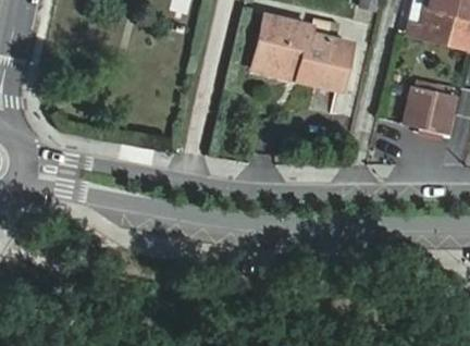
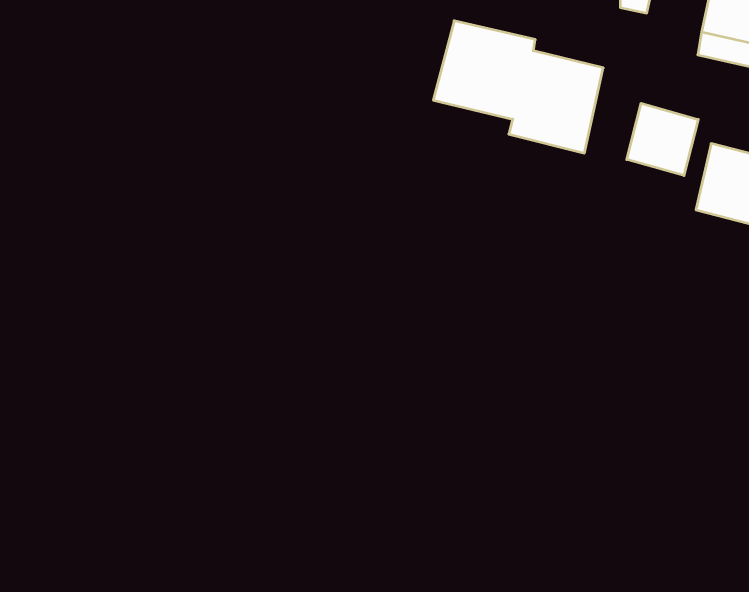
building: none -> [627,103,698,176]

